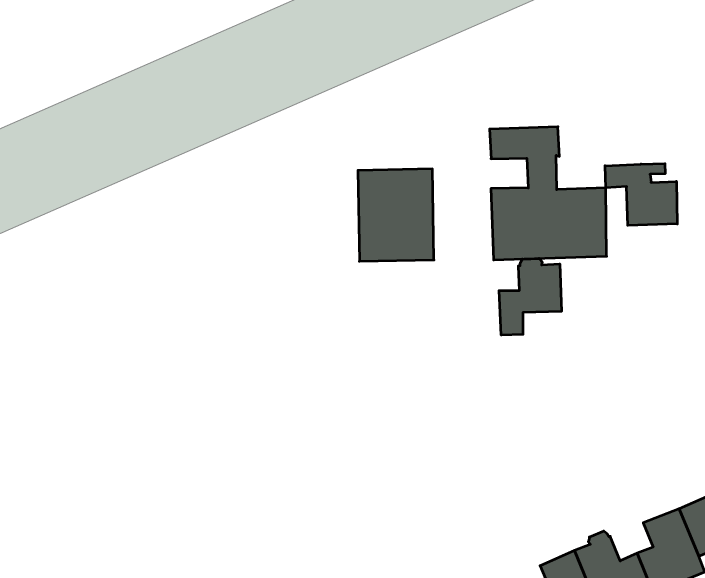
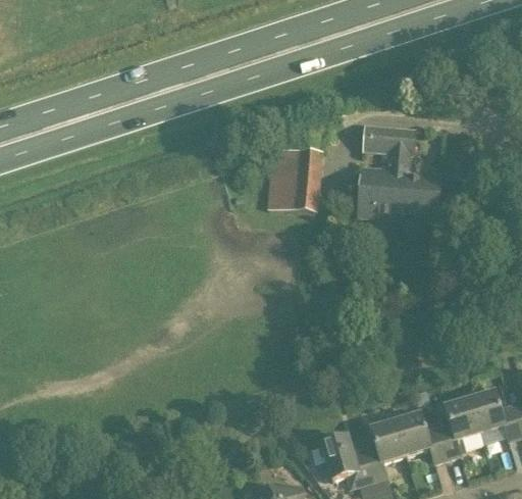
building: [605,164,677,225] -> none
building: [499,258,561,335] -> none

